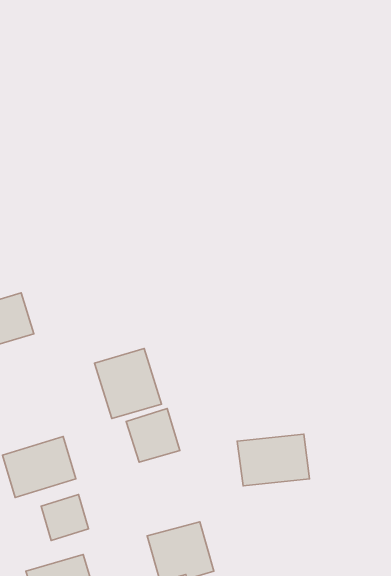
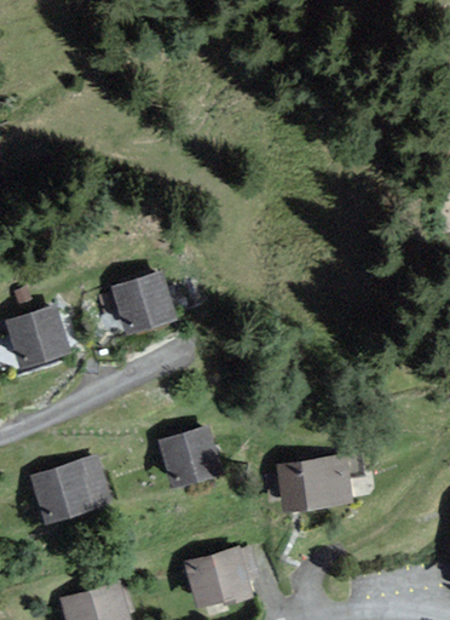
building: none -> [115,275,174,332]
building: [94,349,161,419] -> none
building: [41,495,88,540] -> none

